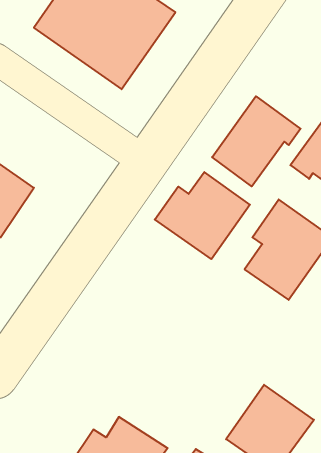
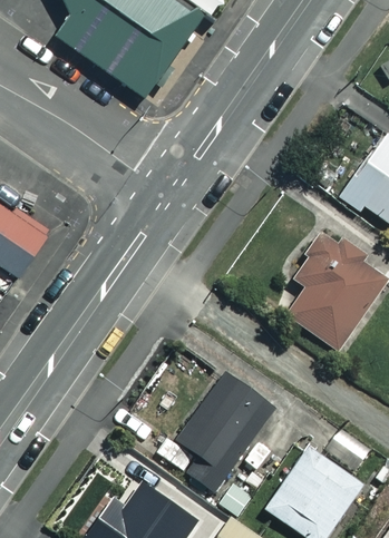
building: [212,96,301,186] -> none
building: [155,172,250,259] -> none
building: none -> [179,373,274,491]

